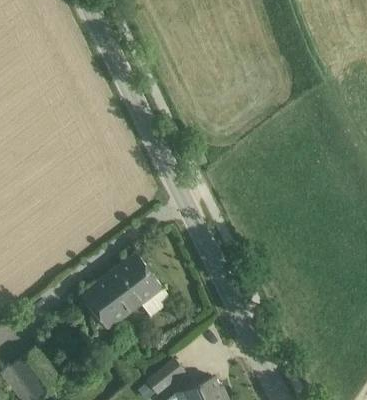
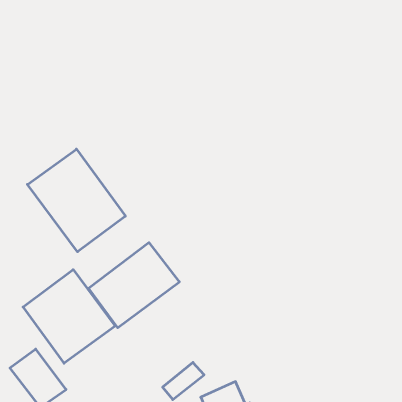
building: none -> [27,149,125,252]
building: none -> [23,270,115,363]

